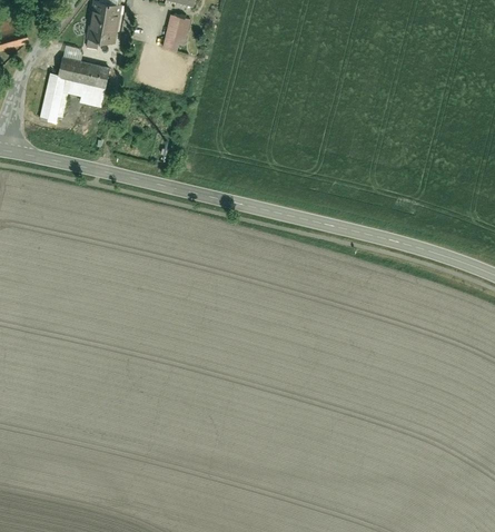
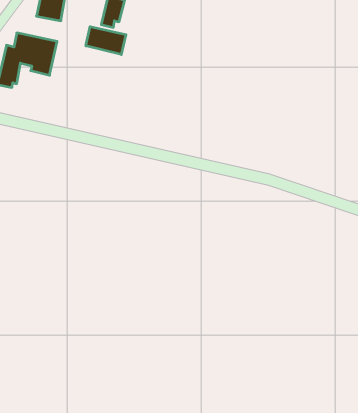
building: none -> [86,27,126,55]

